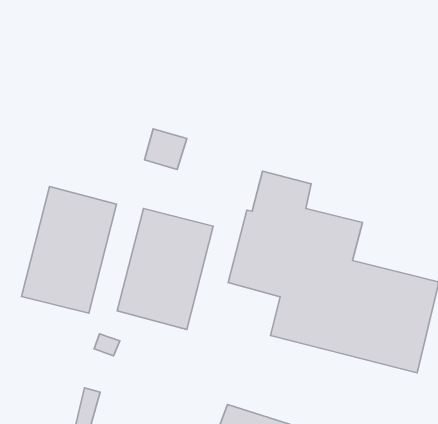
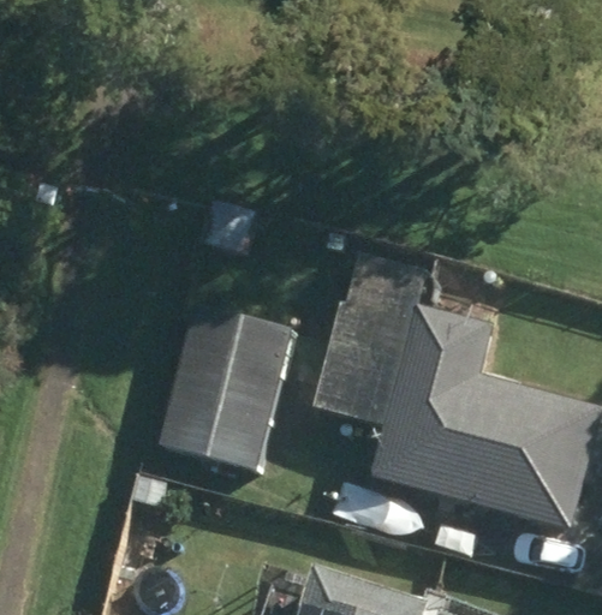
building: [21,187,116,313] -> none

